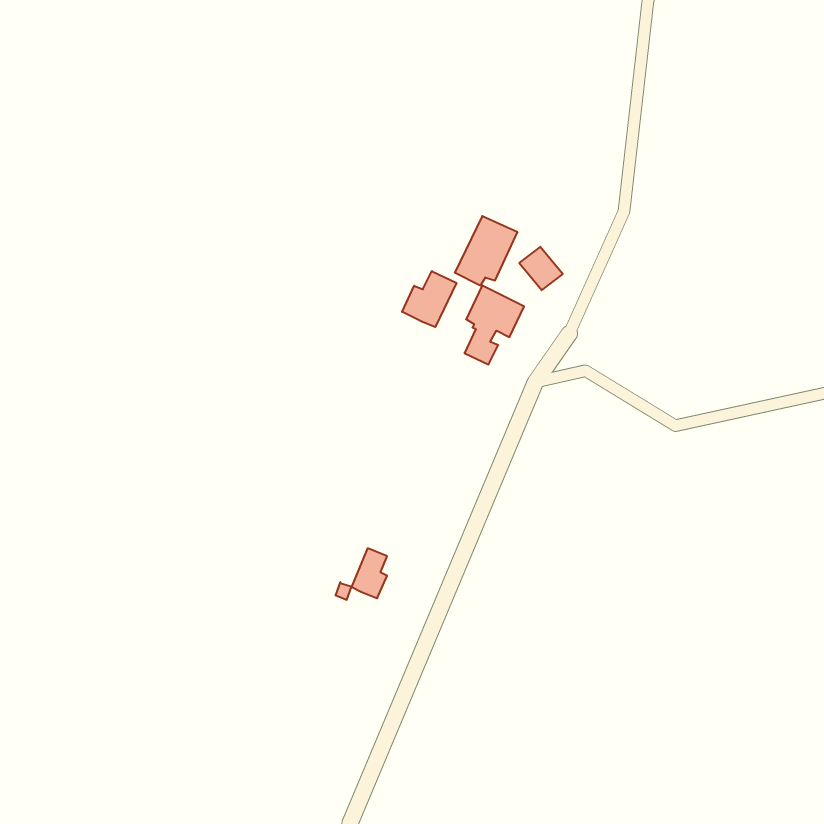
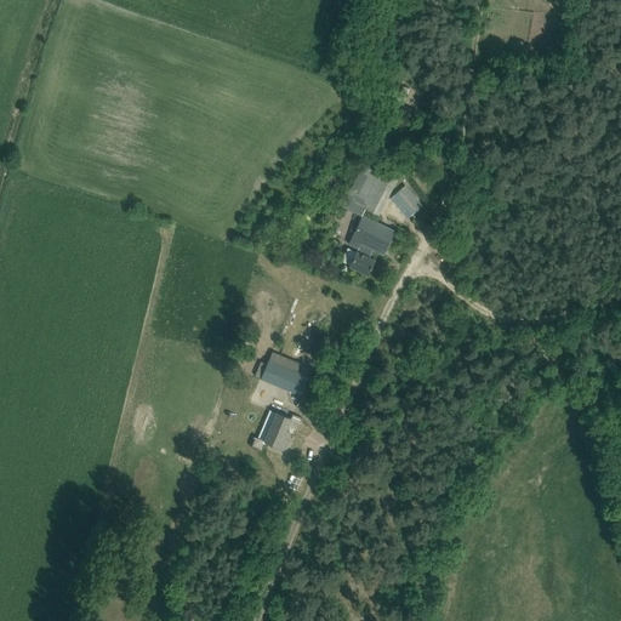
building: [402,271,456,327] -> none
building: none -> [255,360,308,395]

